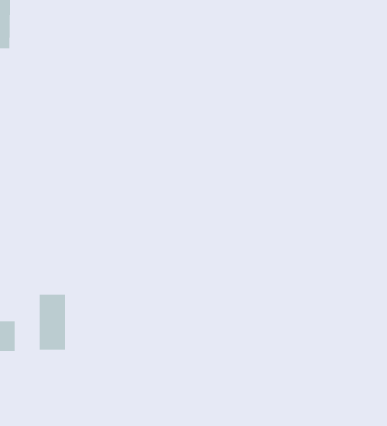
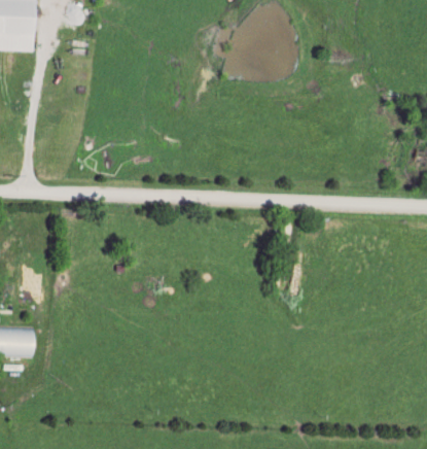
building: [39,294,66,350] -> none

